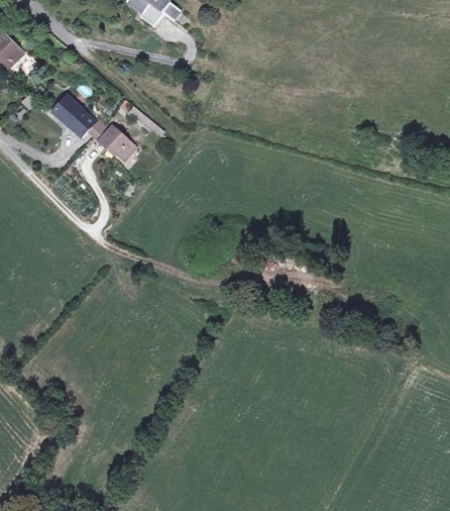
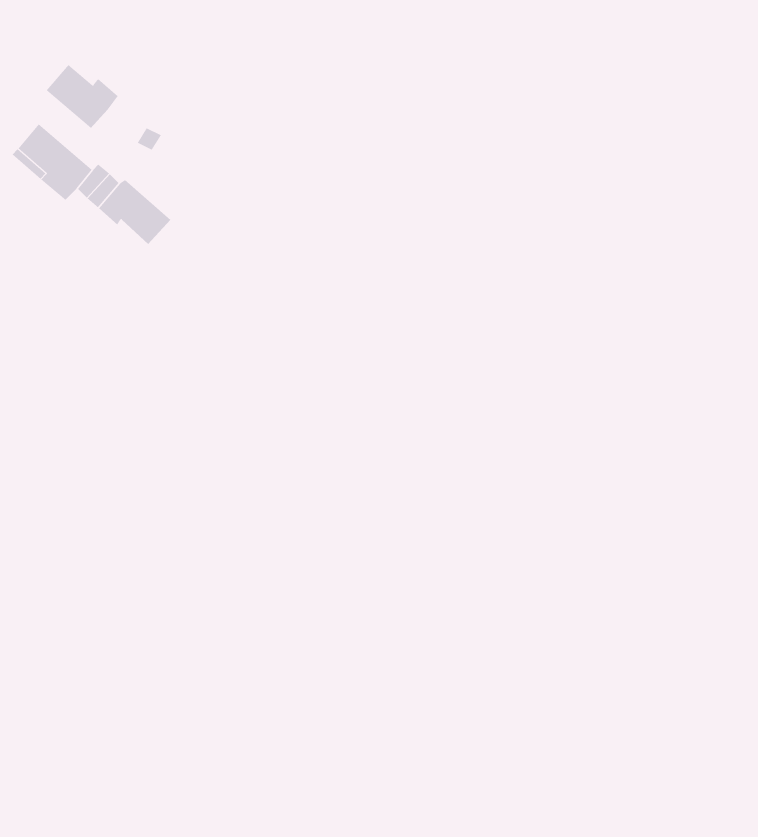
building: none -> [46,64,119,129]

